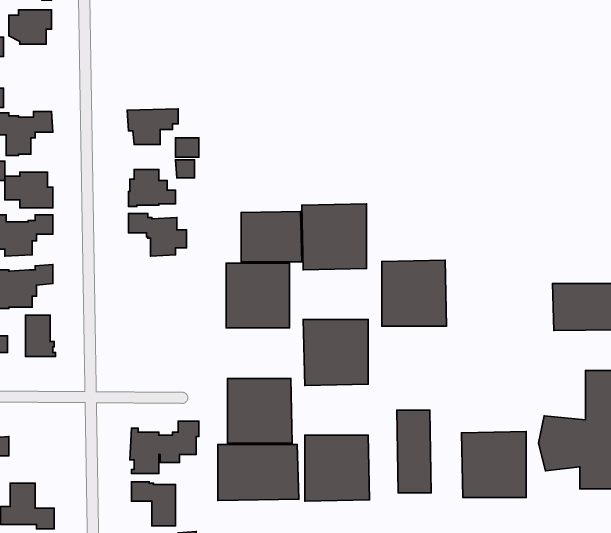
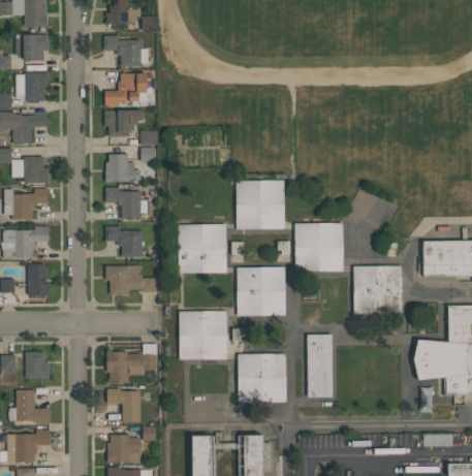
building: none -> [104,36,149,67]
building: none -> [17,73,48,102]
building: none -> [105,74,153,107]
building: [241,211,302,262] -> none
building: none -> [106,226,143,257]
building: none -> [105,265,156,295]
building: [462,432,526,498] -> [353,266,402,316]
building: none -> [25,352,51,379]
building: [218,444,299,500] -> none

